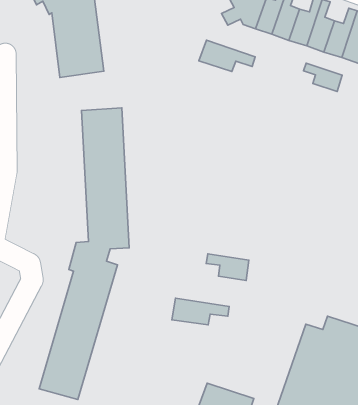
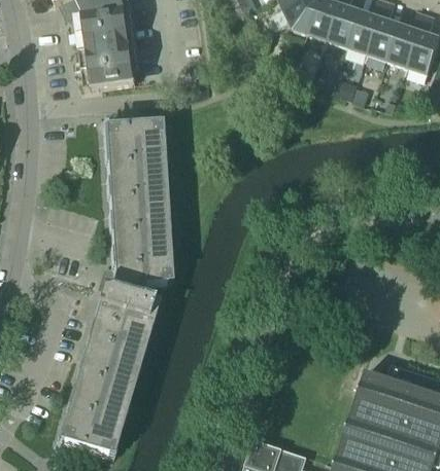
building: [199,40,255,72] -> none
building: [304,63,342,92] -> none
building: [206,254,249,280] -> none
building: [172,298,229,325] -> none

